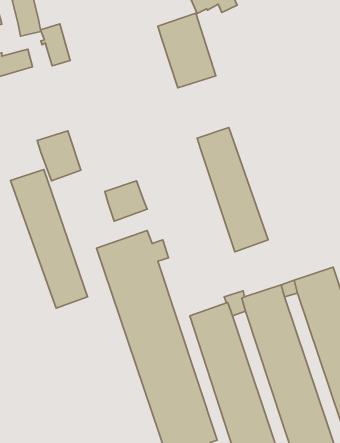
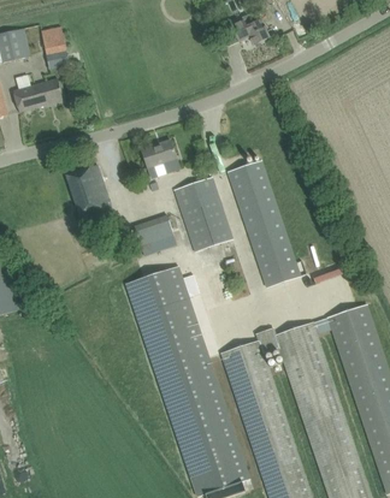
building: [158,13,216,88] -> [173,176,232,251]
building: [41,24,70,66] -> none
building: none -> [141,140,179,177]
building: [10,169,88,308] -> none

